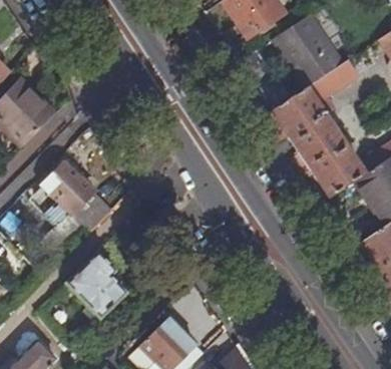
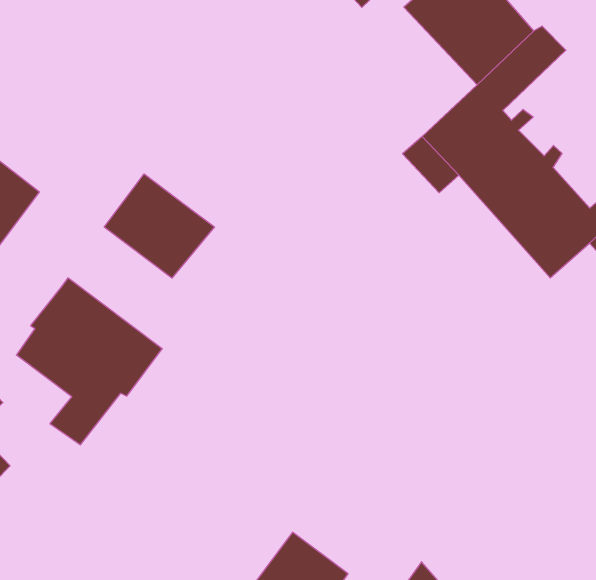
building: none -> [104,174,214,278]
building: [66,252,125,318] -> none

